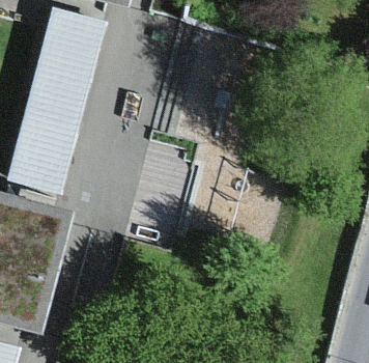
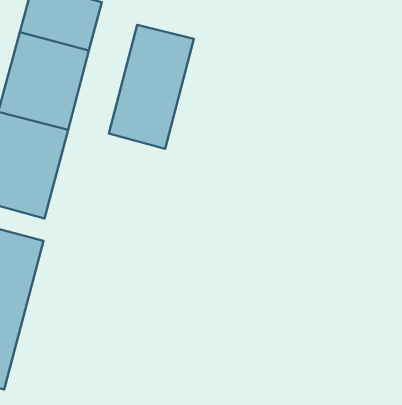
building: none -> [109,25,194,149]

